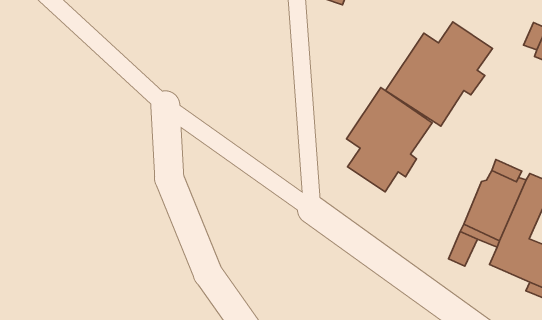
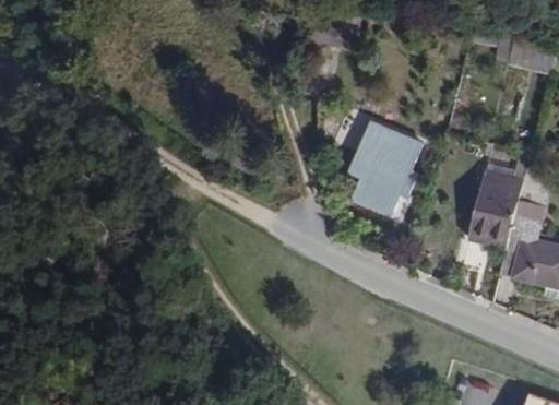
building: [385,22,492,126] -> none

